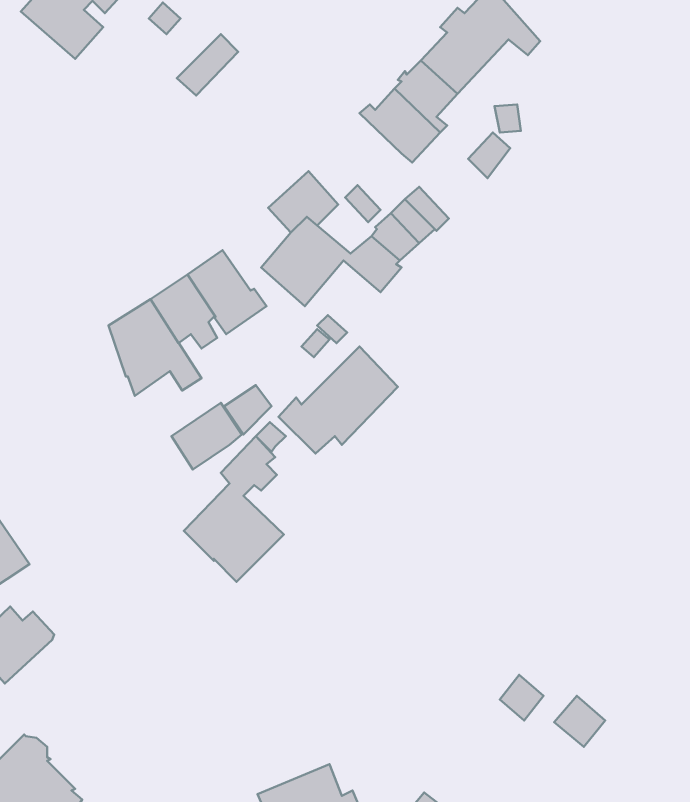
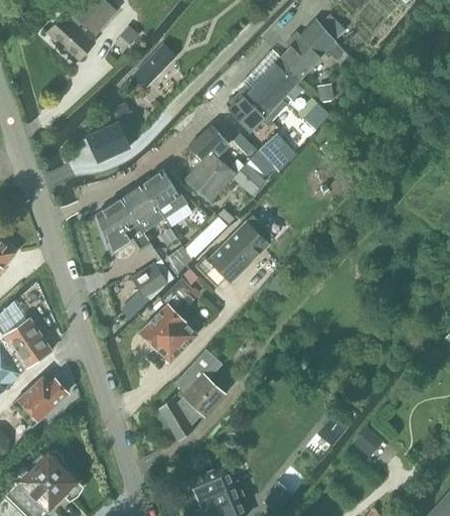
building: none -> [227,93,265,132]
building: none -> [87,104,140,161]
building: none -> [158,350,226,442]

